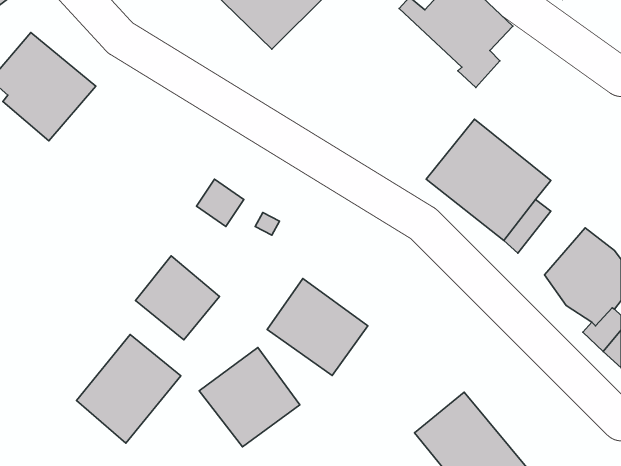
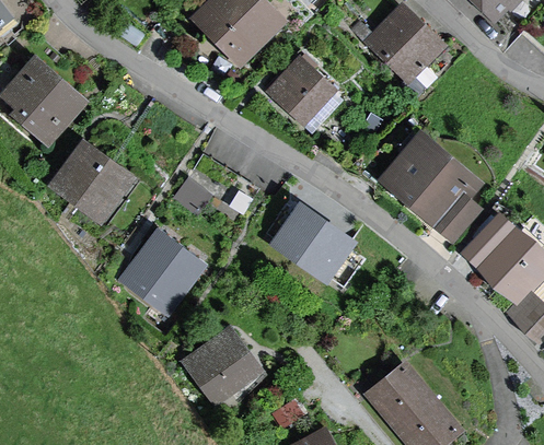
building: none -> [269,55,343,127]
building: none -> [48,138,138,224]
building: [267,279,368,375] -> [269,204,356,288]
building: [77,335,181,443] -> none

